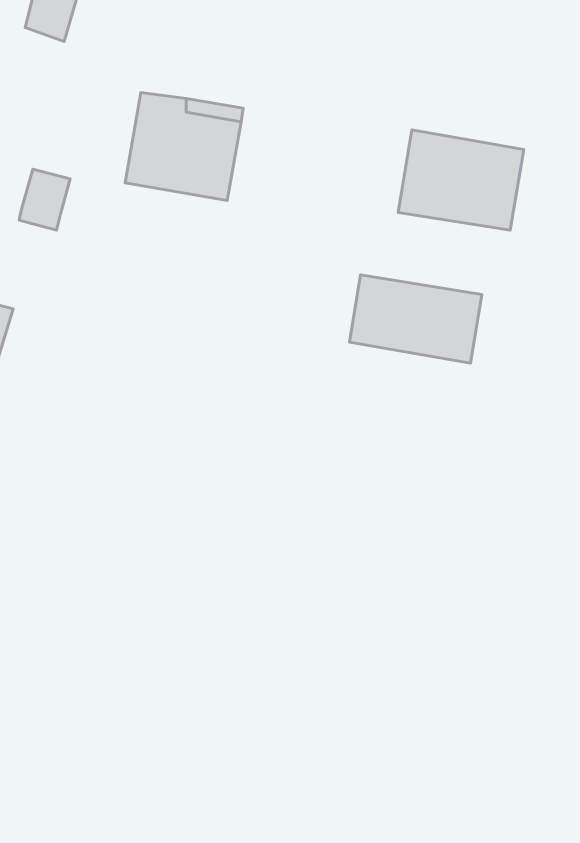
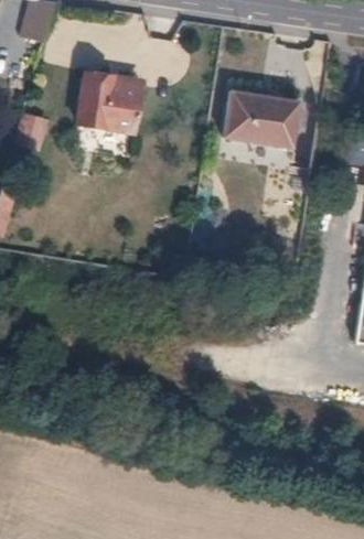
building: [350,275,482,363] -> none

